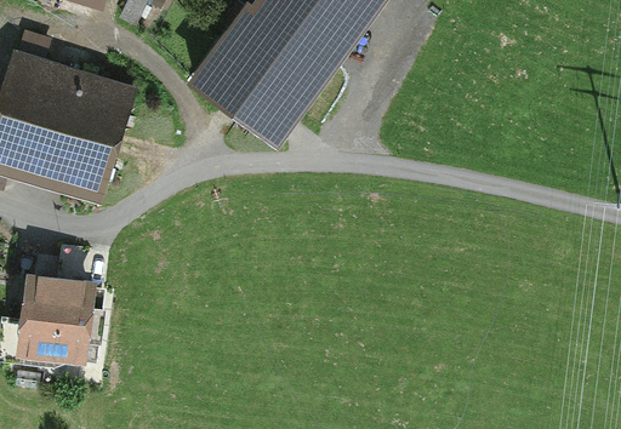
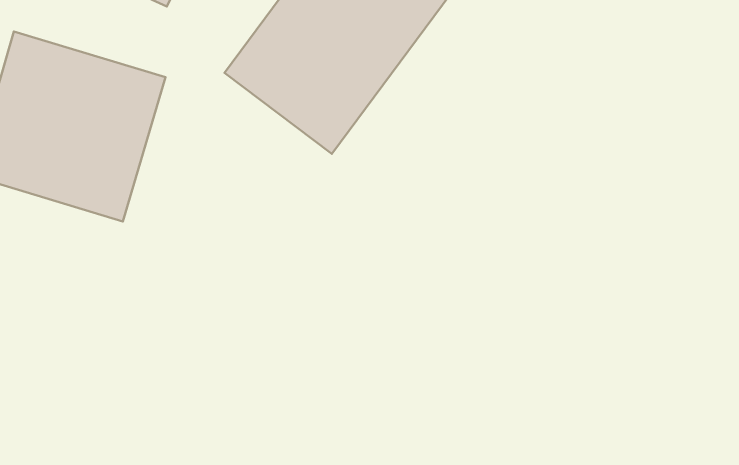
building: [21,278,91,354] -> none

